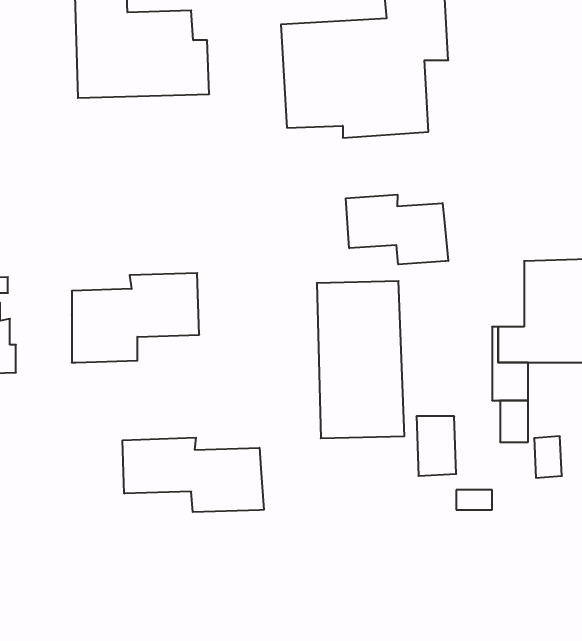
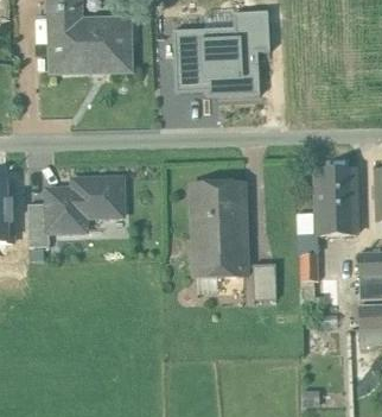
building: [346,195,448,264] -> none
building: none -> [27,202,49,246]
building: [123,438,264,512] -> none

